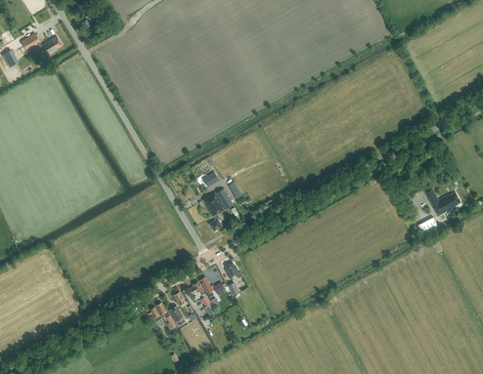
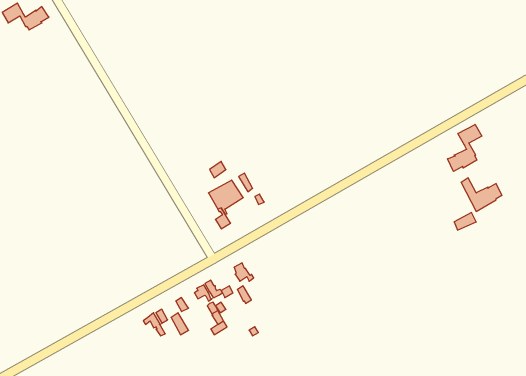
building: none -> [448,124,482,171]

